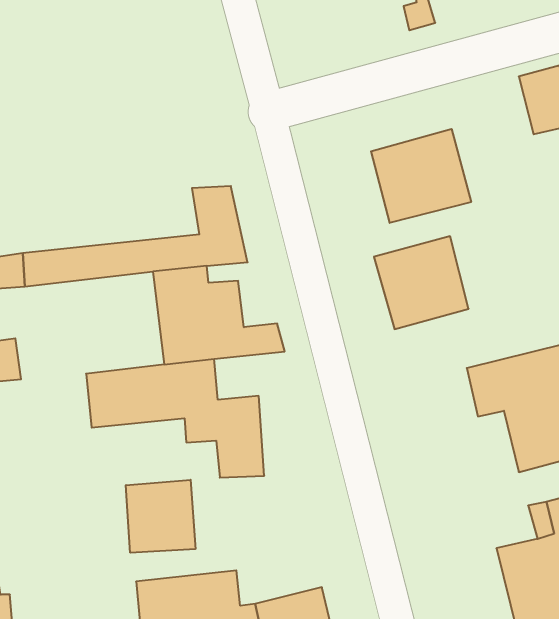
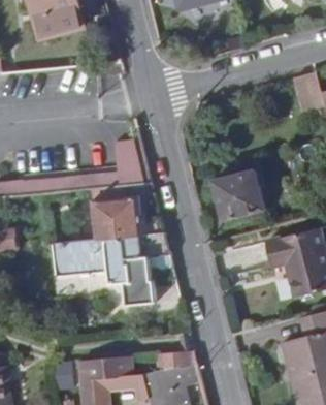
building: [371,129,471,223] -> none
building: [126,480,195,553] -> none

